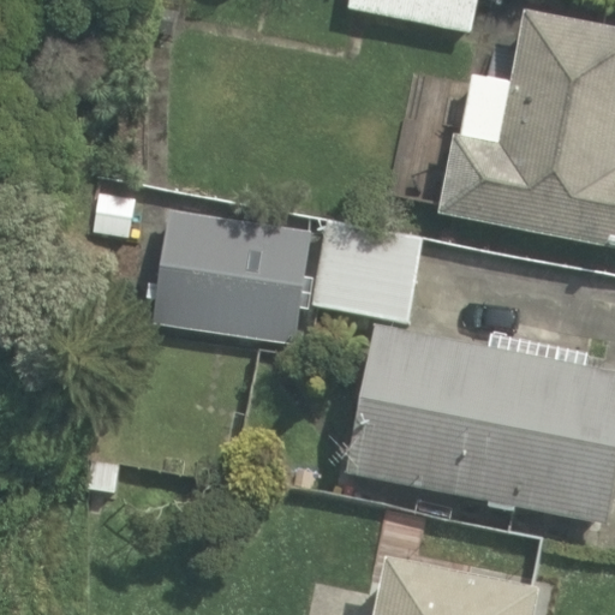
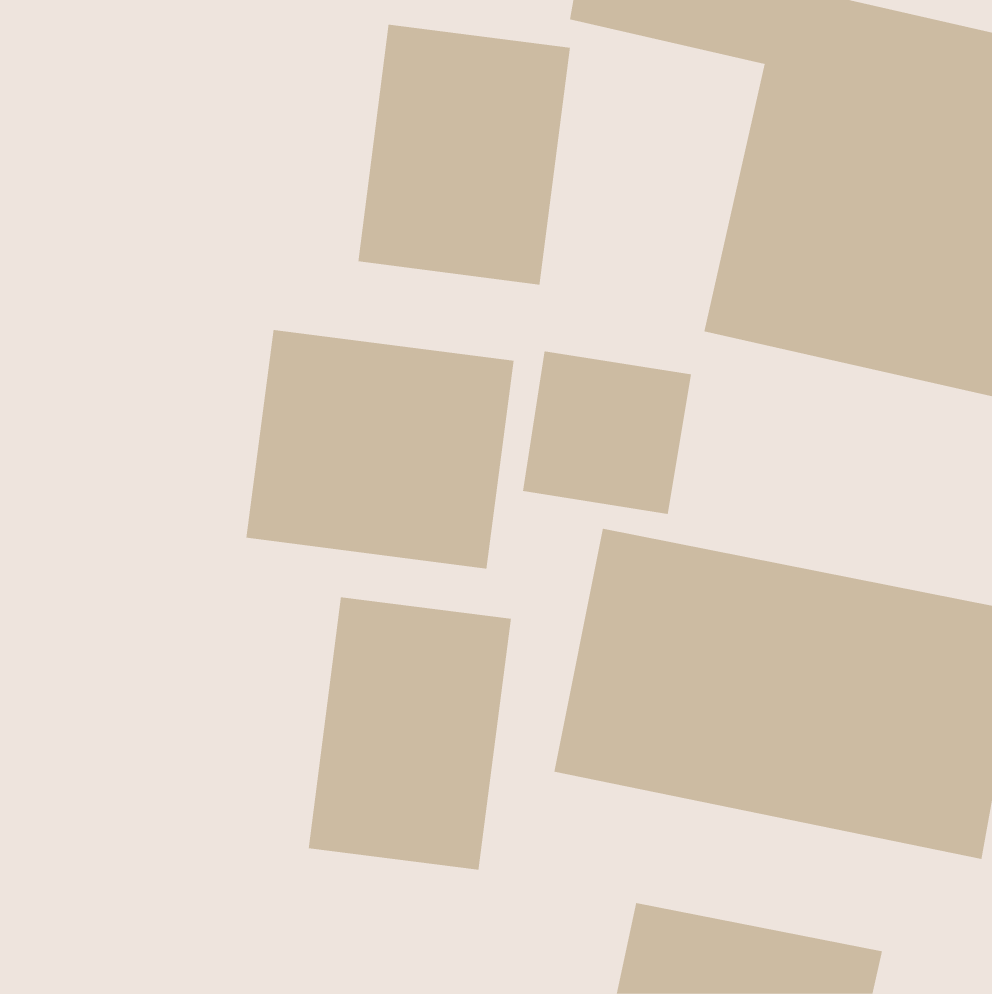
building: none -> [358,24,570,285]
building: none -> [308,597,511,870]

